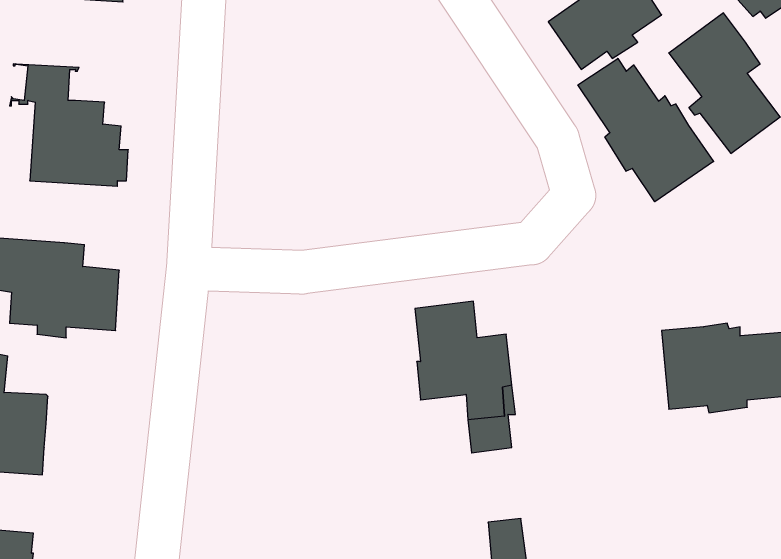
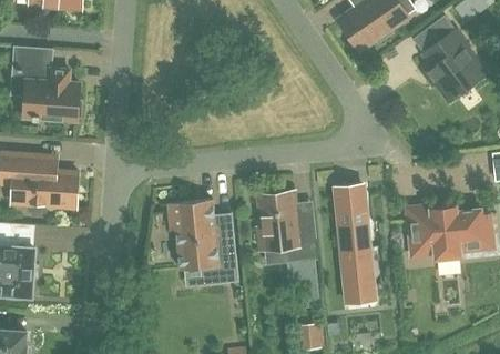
building: [578,58,714,202] -> none
building: none -> [335,184,373,291]
building: none -> [167,200,238,284]

